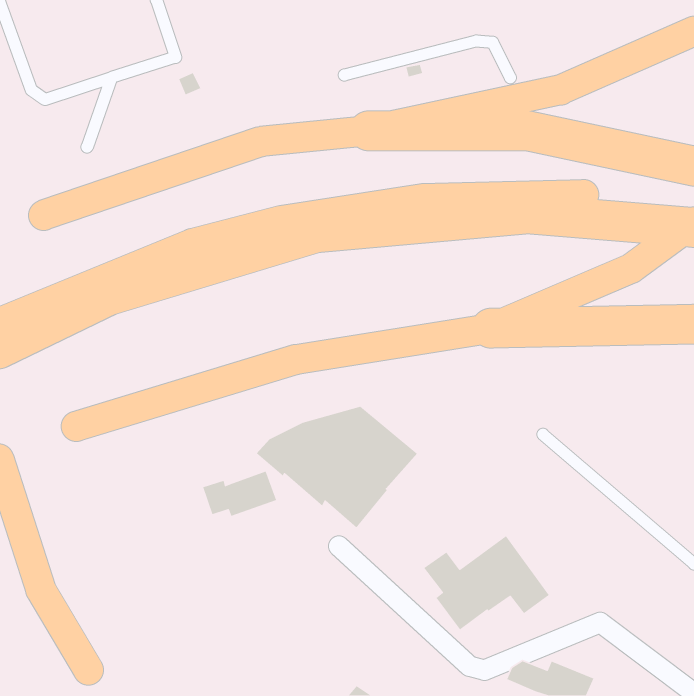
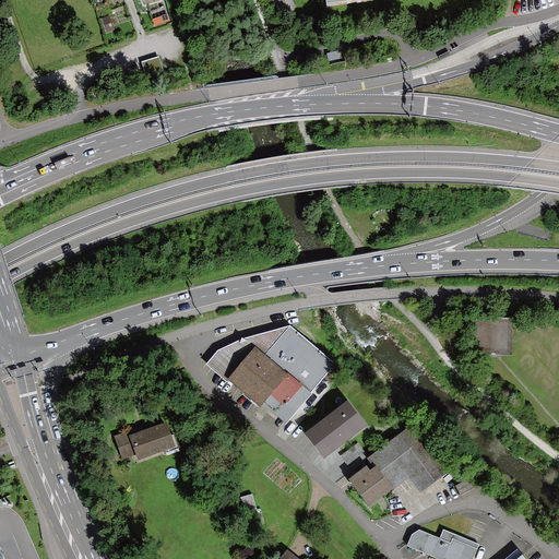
building: [202,470,277,517] -> [115,423,175,460]
building: none -> [305,402,367,459]

